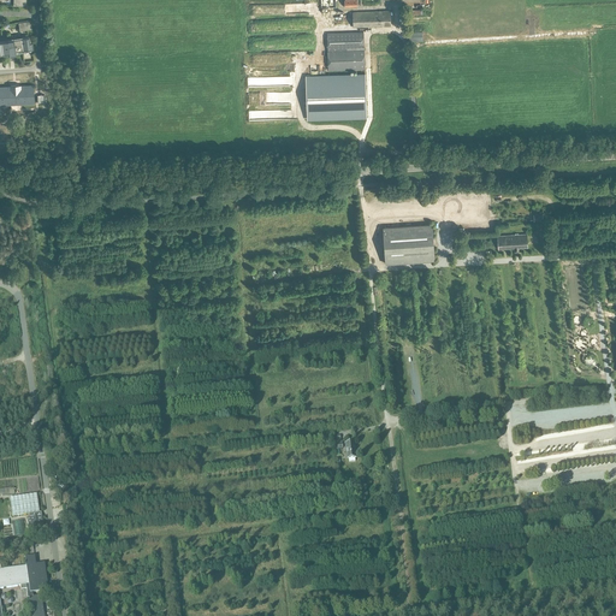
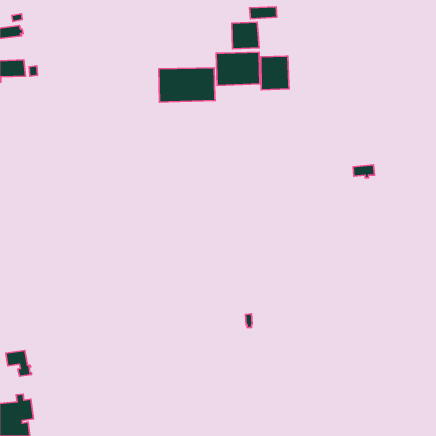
building: none -> [261,56,289,90]
building: none -> [159,68,215,102]
building: [383,223,434,262] -> none

